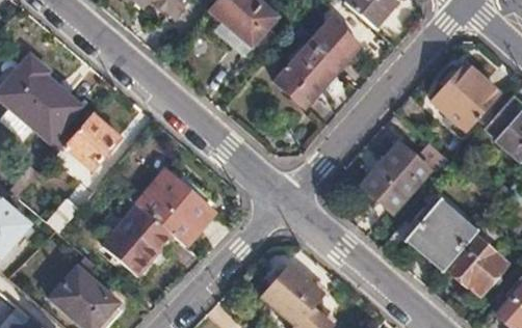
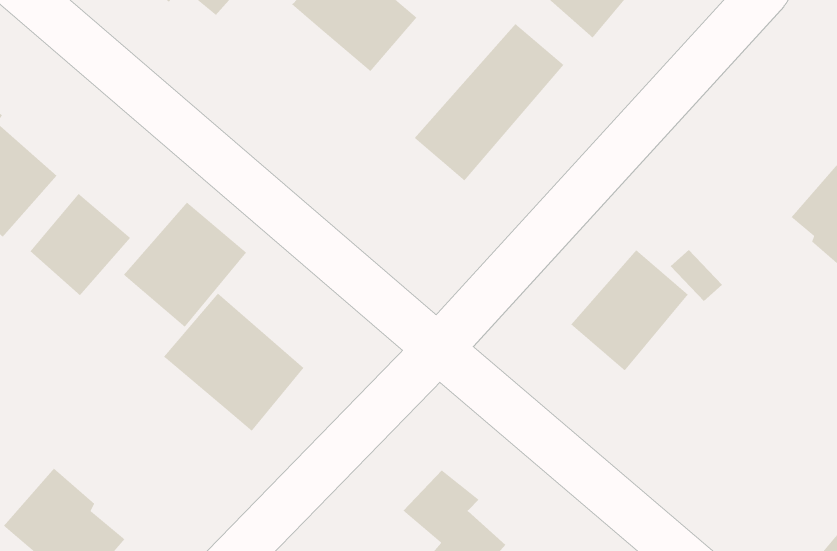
building: [434,63,496,128] -> none
building: [407,198,476,269] -> none
building: [103,203,172,273] -> [123,202,247,328]
building: [448,238,504,294] -> none

